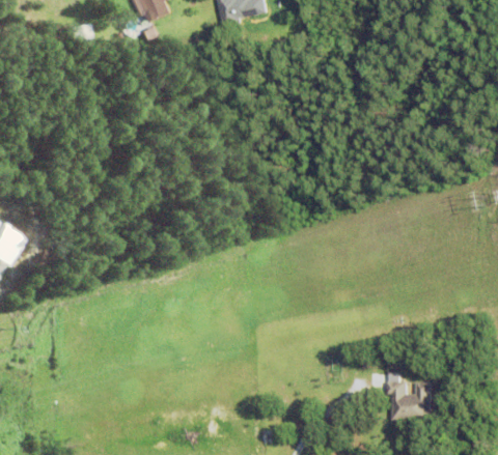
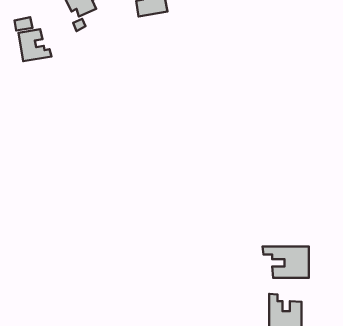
building: none -> [19,29,51,61]
building: none -> [263,247,309,278]

